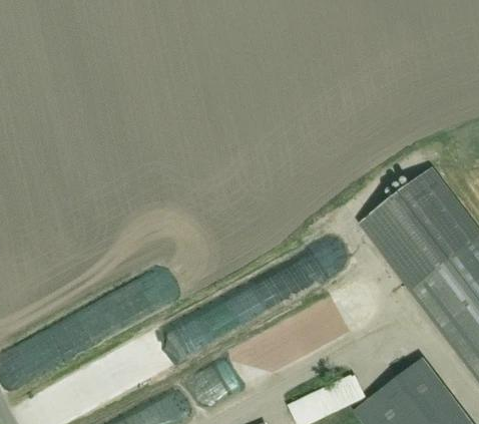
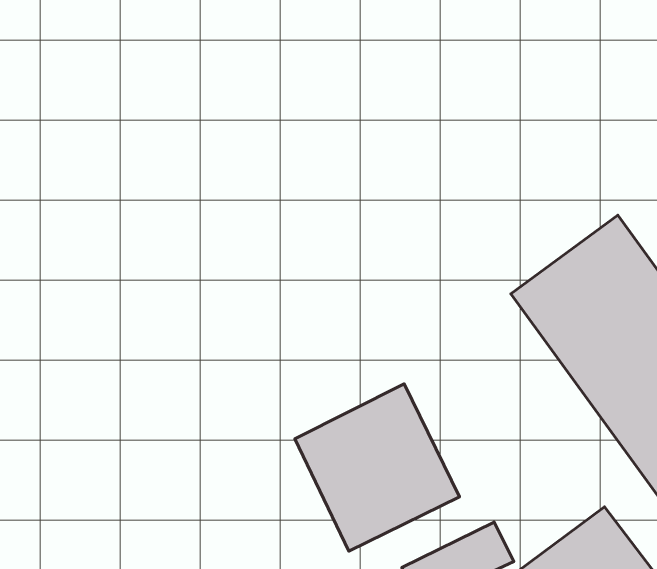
building: none -> [295,384,460,551]

